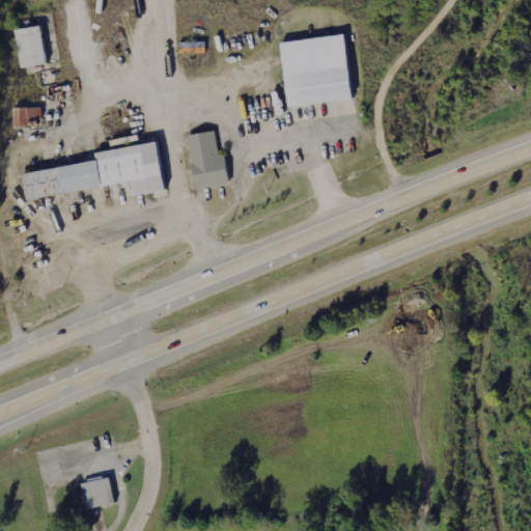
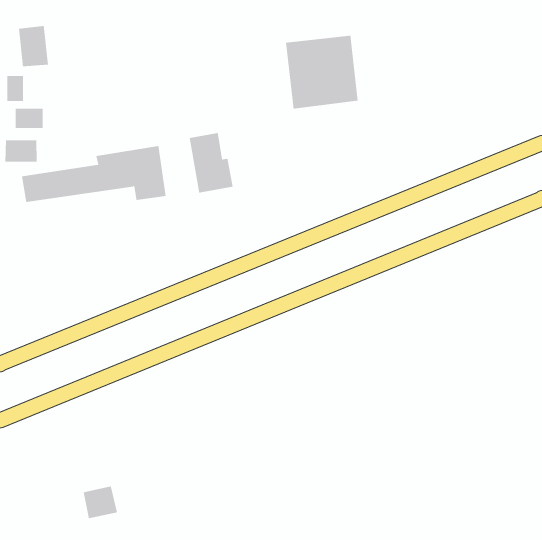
building: none -> [7,75,24,102]
building: none -> [5,140,37,163]

